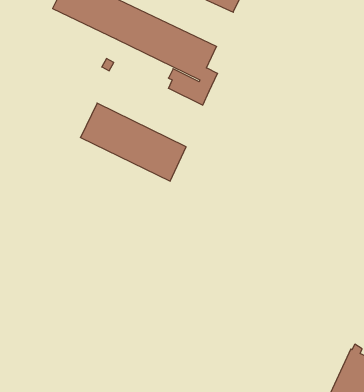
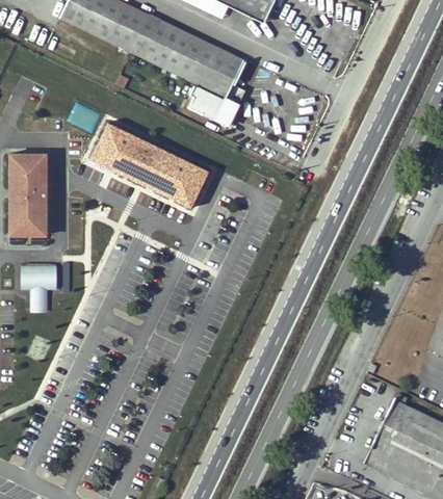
building: none -> [6,153,47,236]
building: none -> [21,266,56,313]

